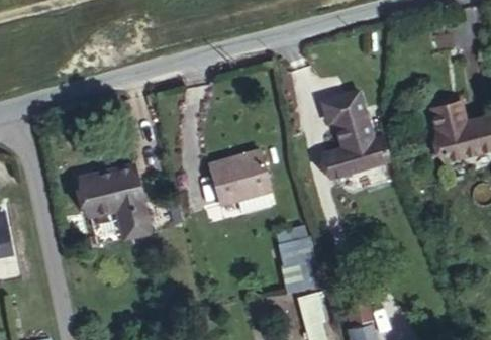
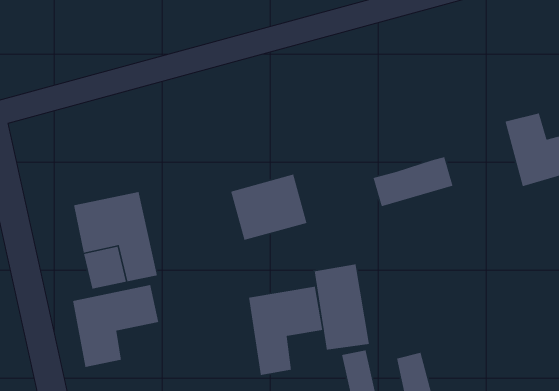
building: [322,91,372,148] -> none
building: none -> [72,284,159,368]
building: none -> [248,286,323,376]

